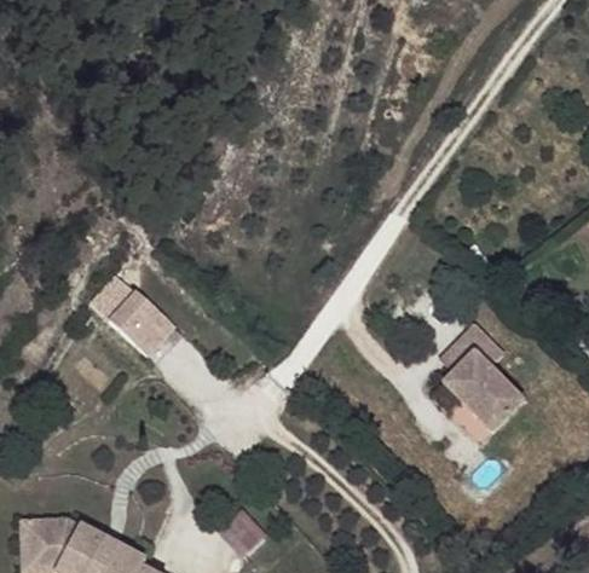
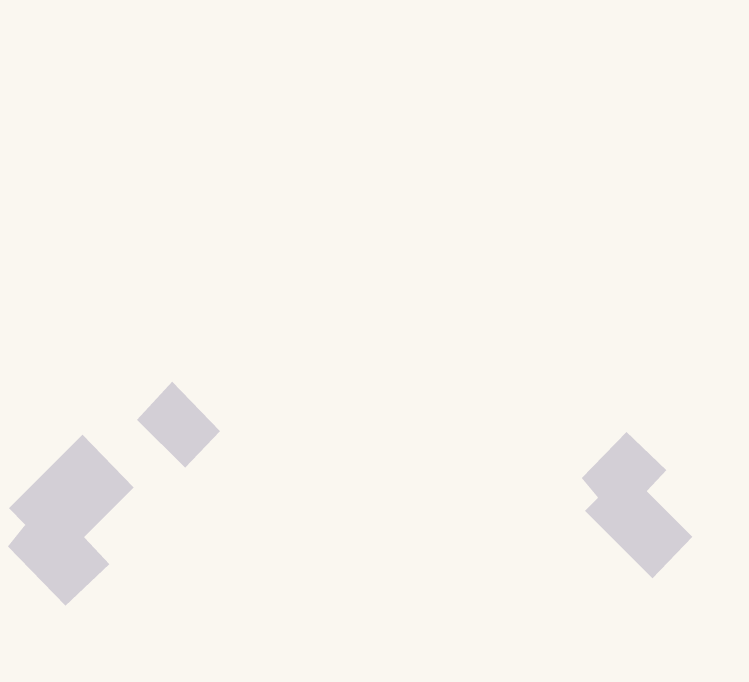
building: none -> [7,434,135,607]

